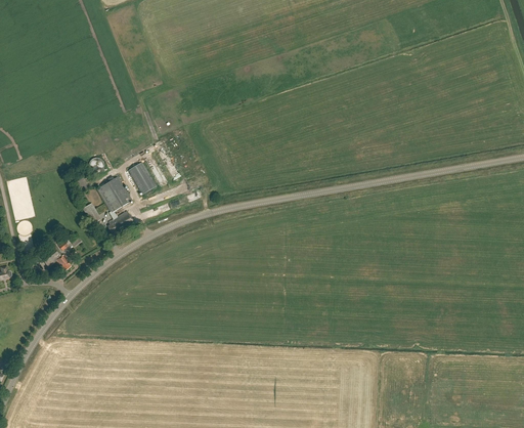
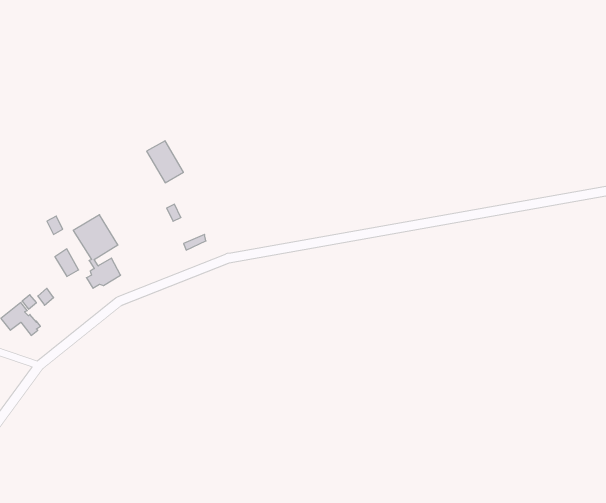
building: [128,162,157,195] -> [147,141,183,183]

